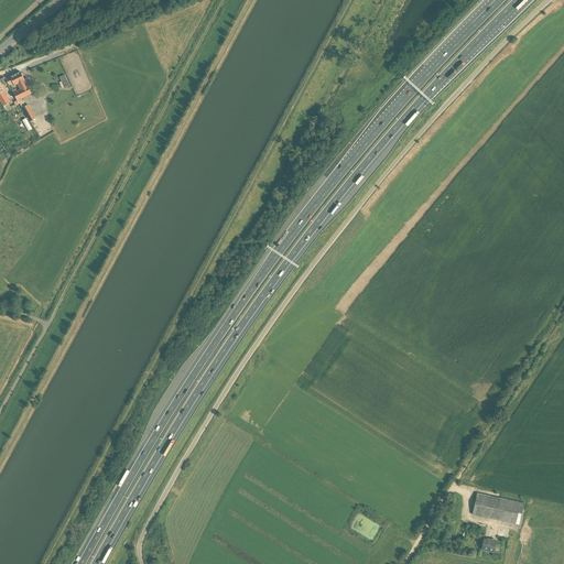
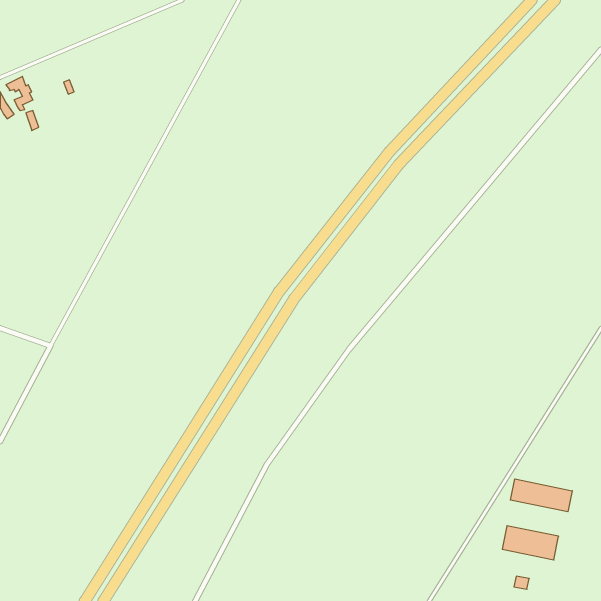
building: none -> [510,479,572,512]

